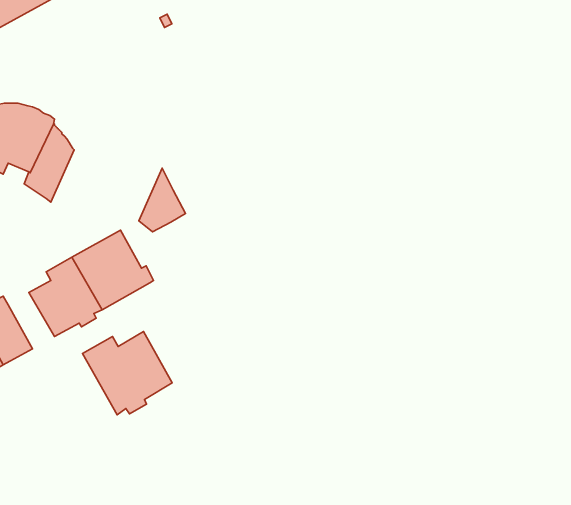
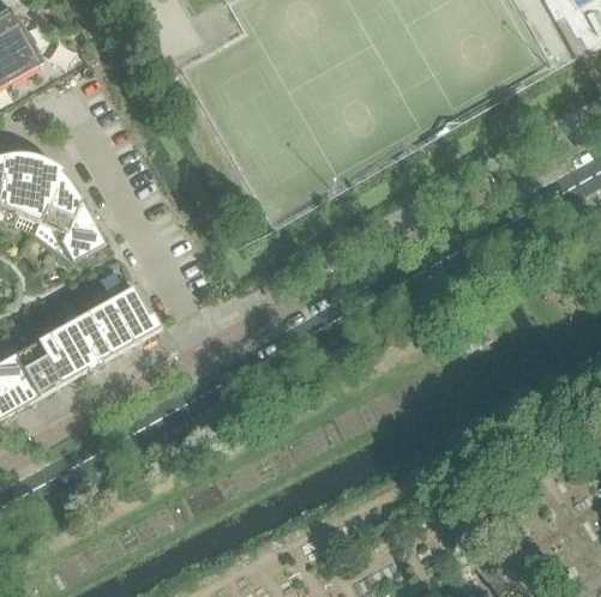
building: [139,168,185,232] -> [58,199,103,261]
building: none -> [16,339,61,394]
building: [83,331,172,415] -> none

